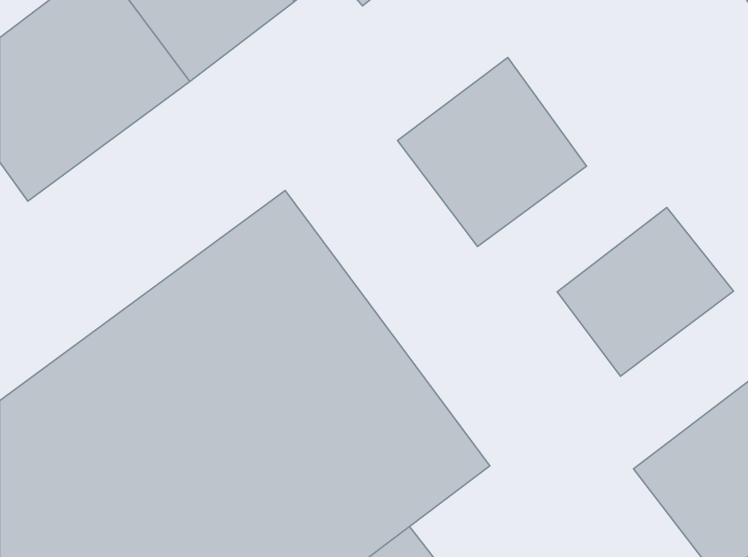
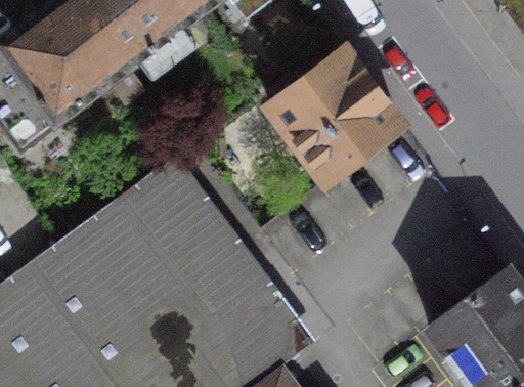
building: [557,208,733,376] -> none

